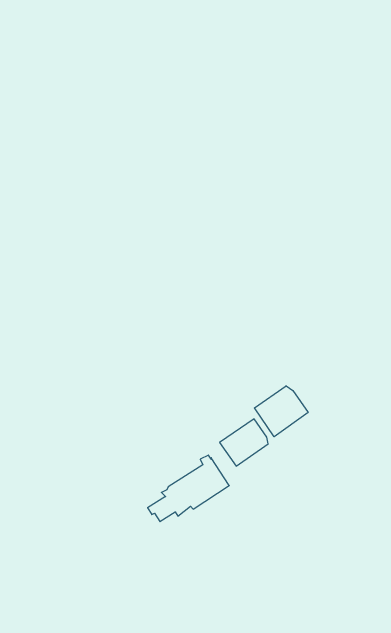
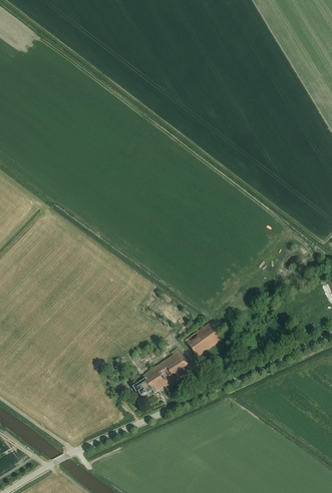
building: [254,386,308,437] -> none

